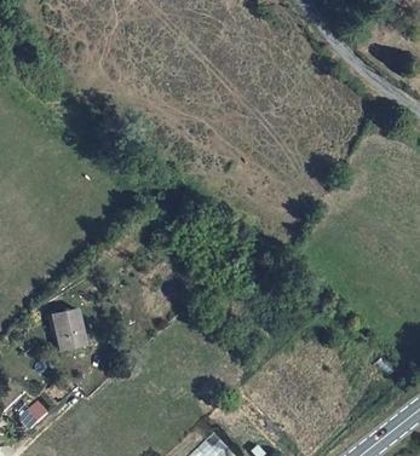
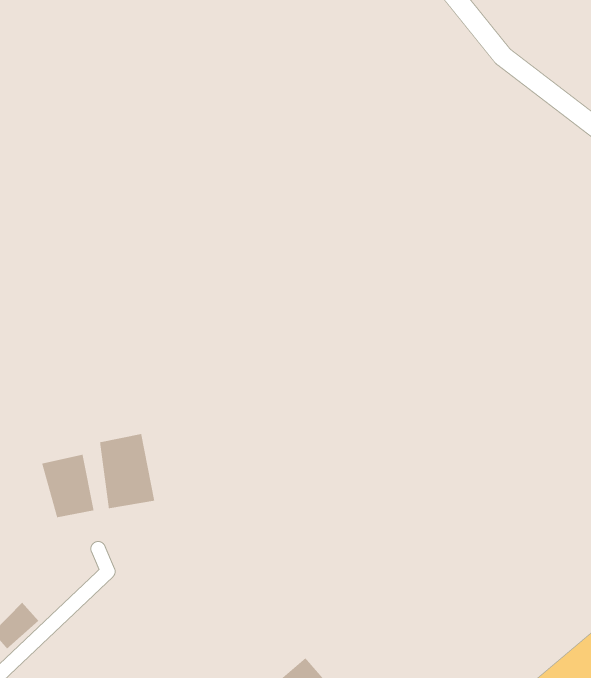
building: none -> [99,433,155,509]

